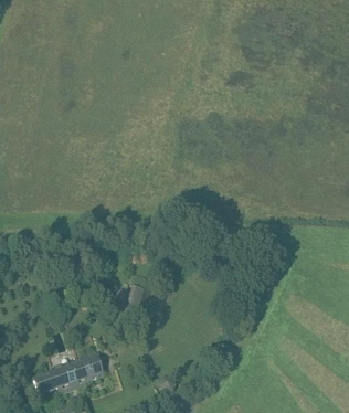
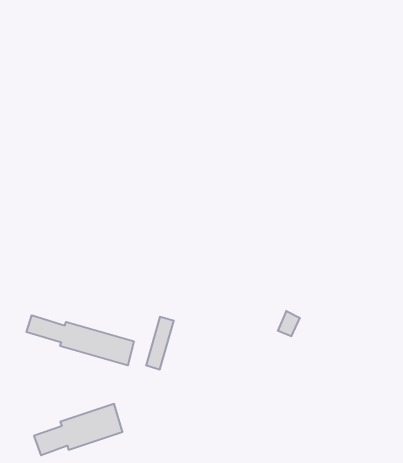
building: none -> [26,315,134,365]

